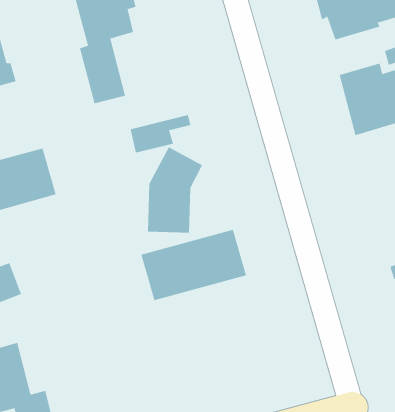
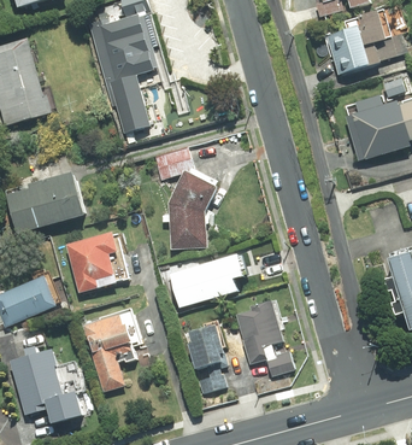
building: none -> [66,233,128,293]
building: none -> [235,304,293,375]
building: none -> [83,314,135,392]
building: none -> [188,327,226,393]

